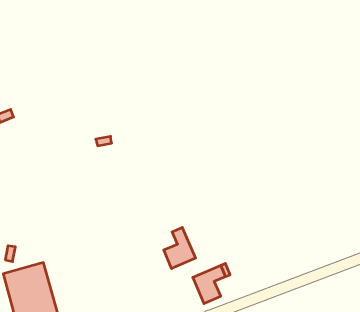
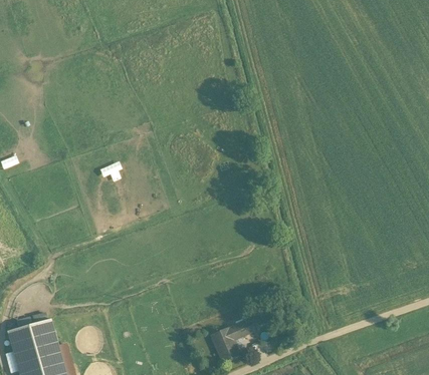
building: [164,227,196,269] -> none

